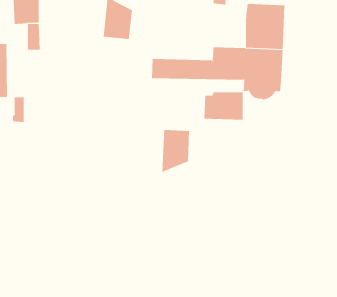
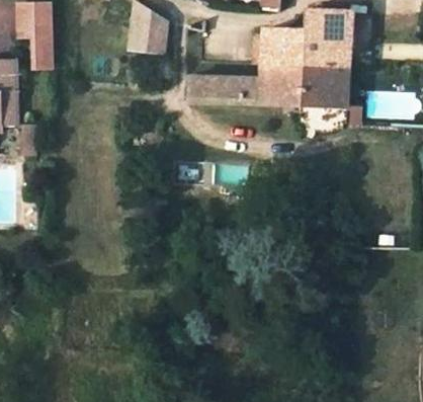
building: [204,92,244,120] -> [255,29,304,64]
building: [162,129,189,173] -> none

